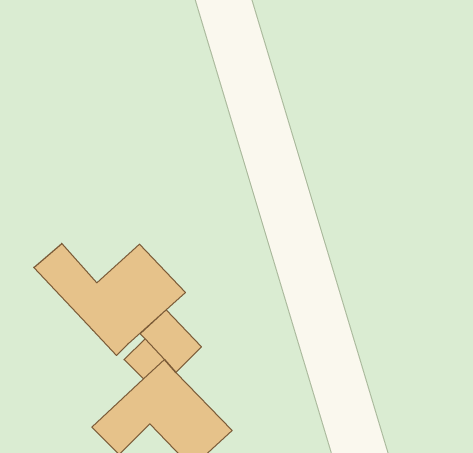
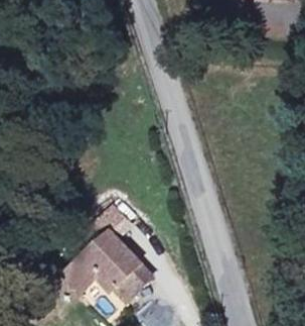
building: [34,243,185,355] -> none

